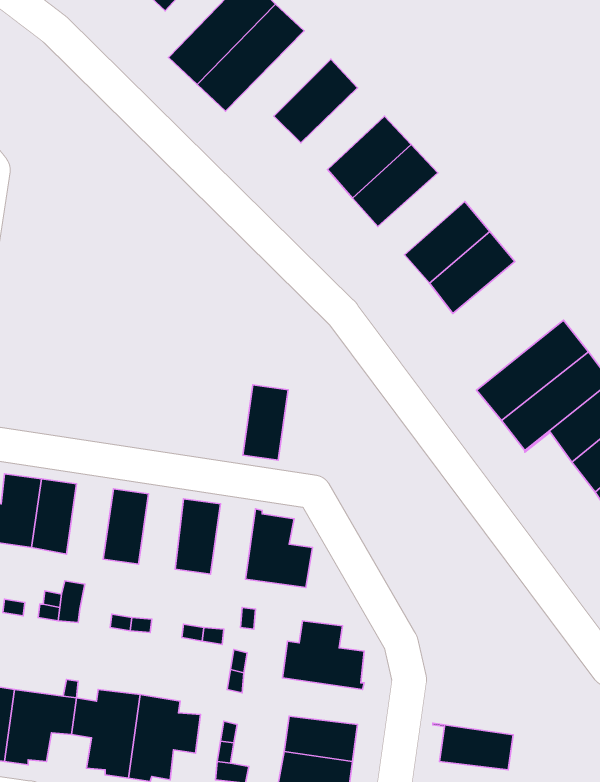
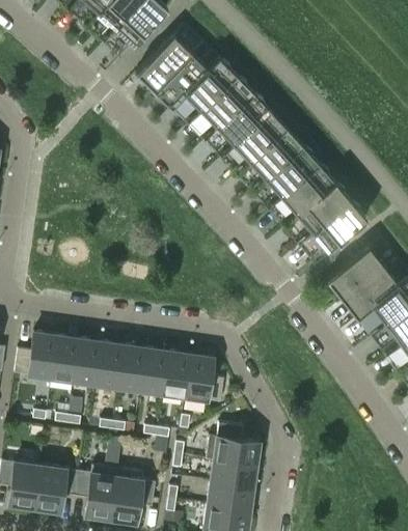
building: none -> [171,57,237,110]
building: none -> [218,92,270,143]
building: none -> [266,145,320,196]
building: none -> [312,200,368,251]
building: [243,385,288,460] -> [162,351,190,397]
building: none -> [73,338,102,385]
building: none -> [117,344,145,391]
building: [433,723,513,770] -> [207,458,256,487]

